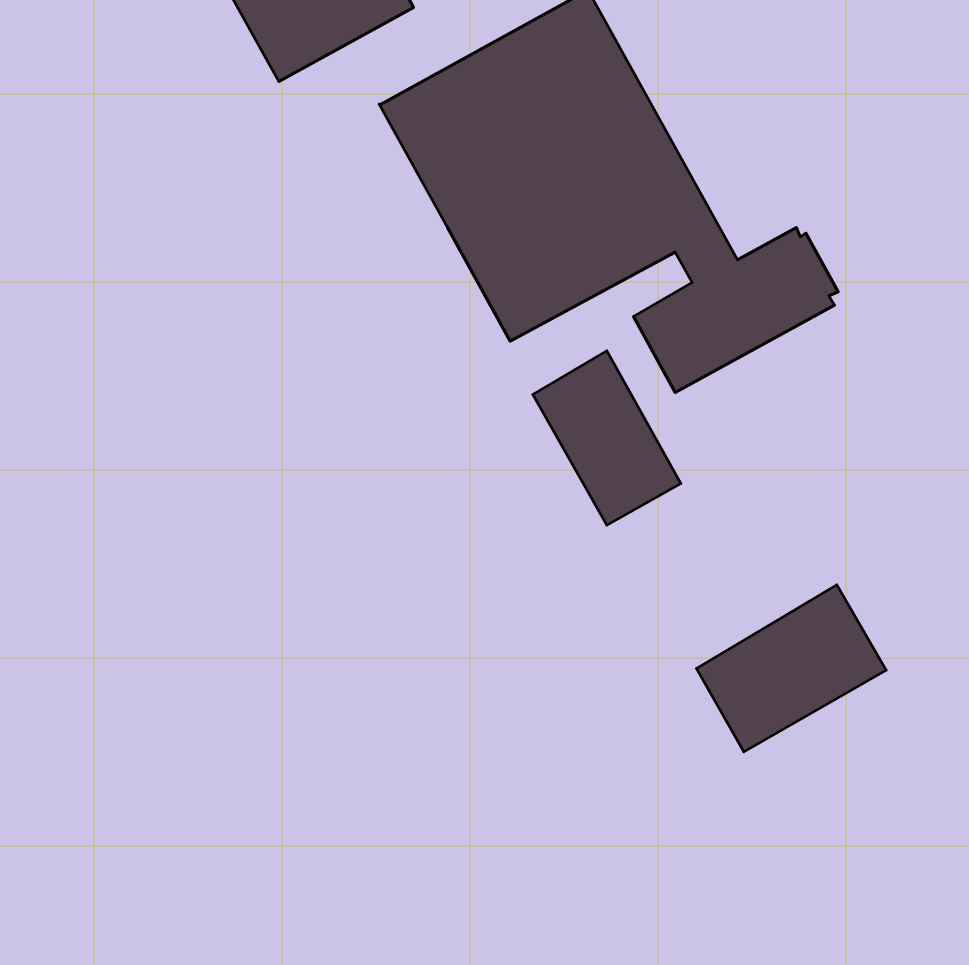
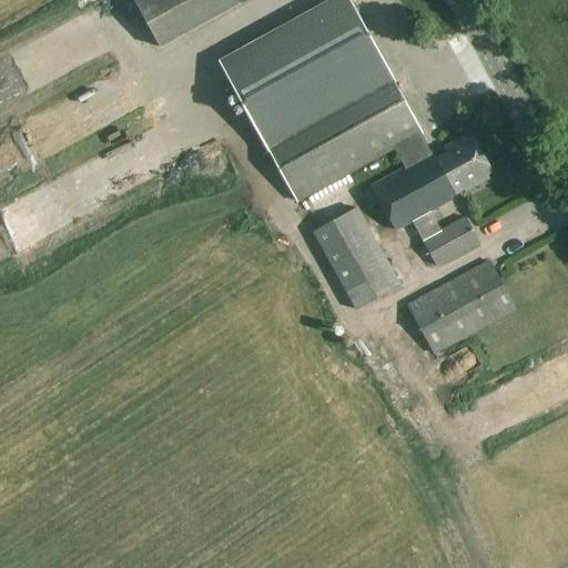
building: none -> [422,215,479,264]
building: [697,585,886,752] -> [405,254,516,352]

